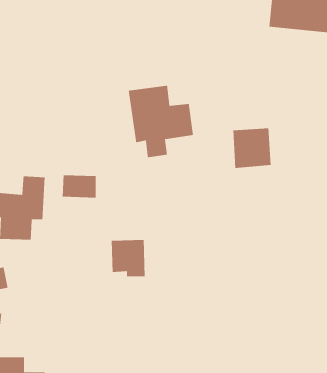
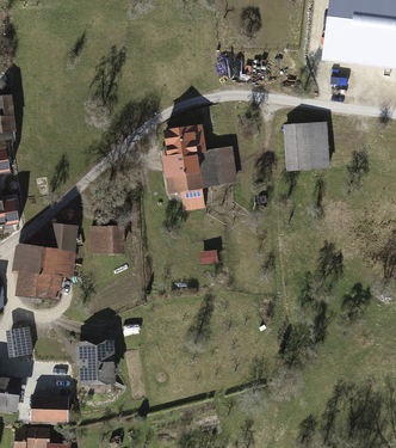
building: [232,128,271,169] -> [284,123,327,168]
building: [111,239,146,277] -> [79,344,117,386]
building: none -> [27,398,67,422]

